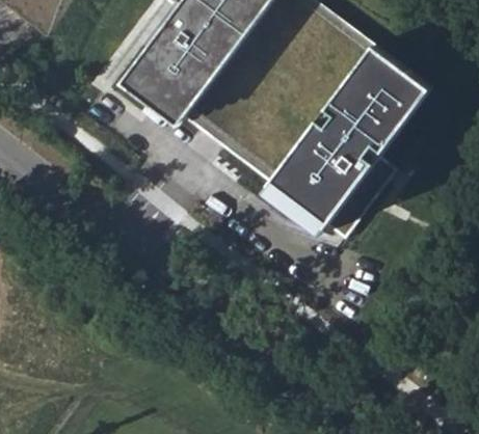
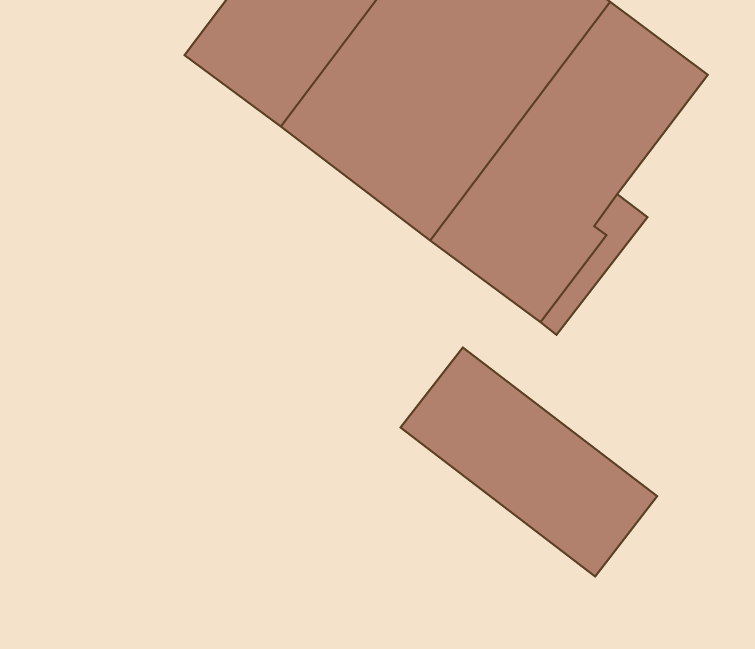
building: none -> [401,347,657,576]

